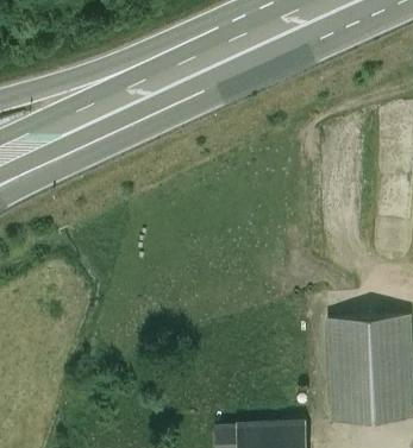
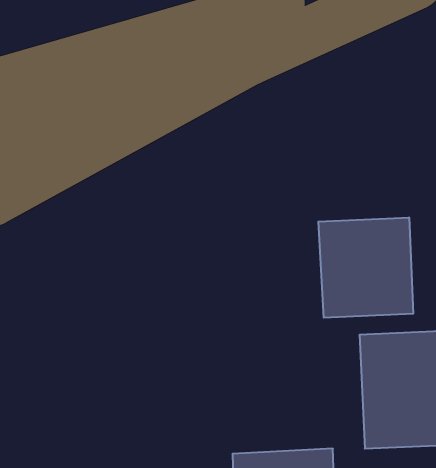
building: none -> [318,217,413,318]

